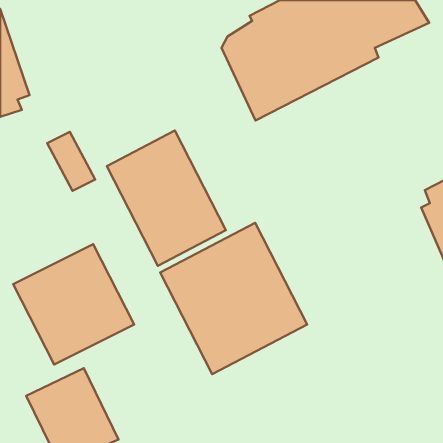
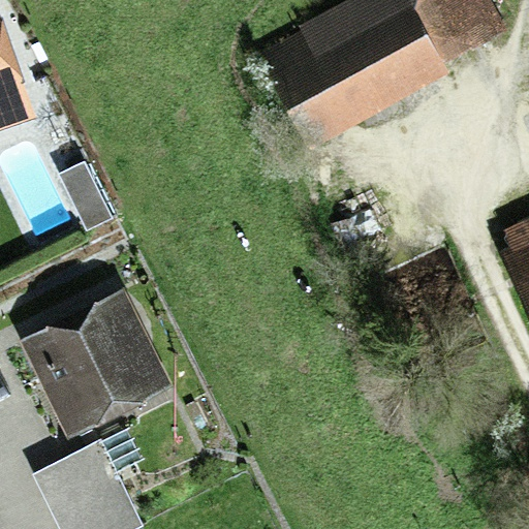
building: [107,130,226,266] -> none
building: [160,223,307,374] -> none

